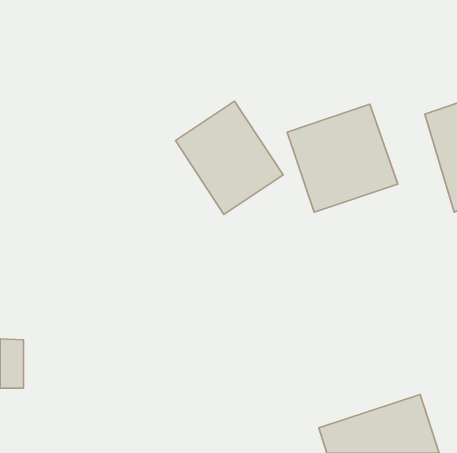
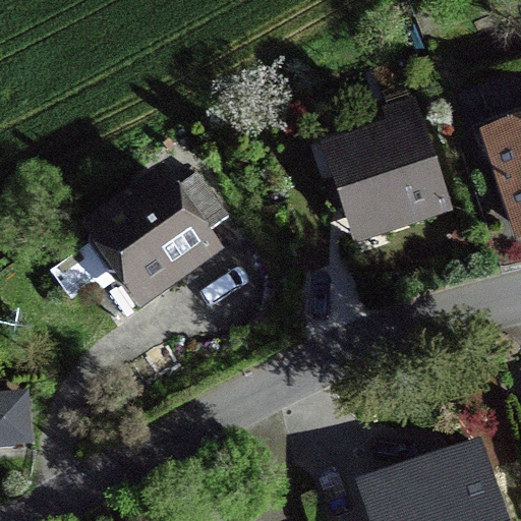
building: [175,101,283,215] -> none
building: none -> [82,172,221,307]

